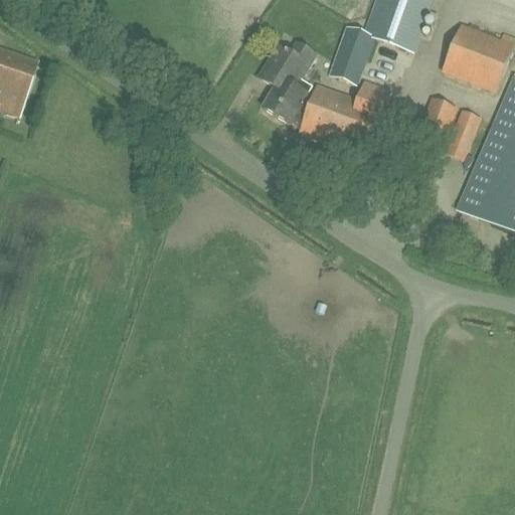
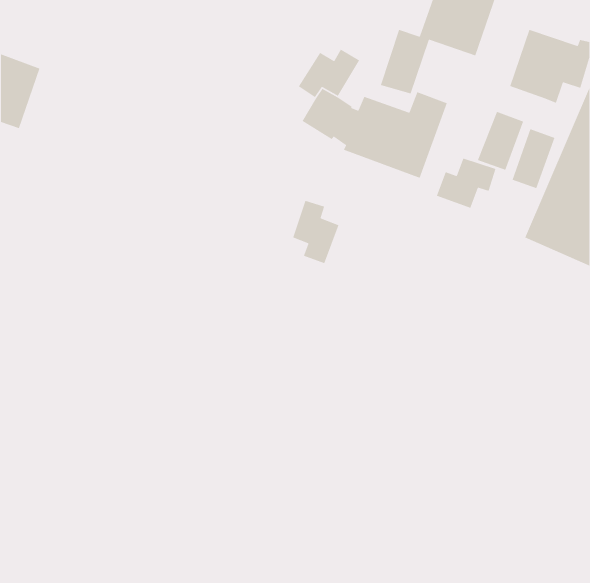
building: none -> [436,158,497,209]
building: none -> [292,200,339,264]

